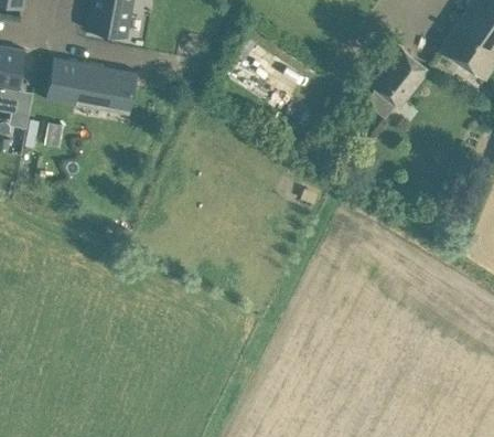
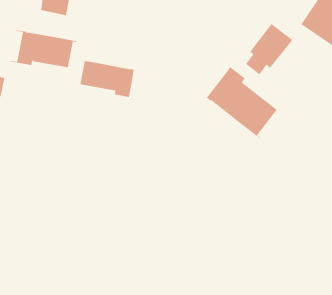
building: none -> [80,59,141,99]
building: none -> [200,61,277,139]

